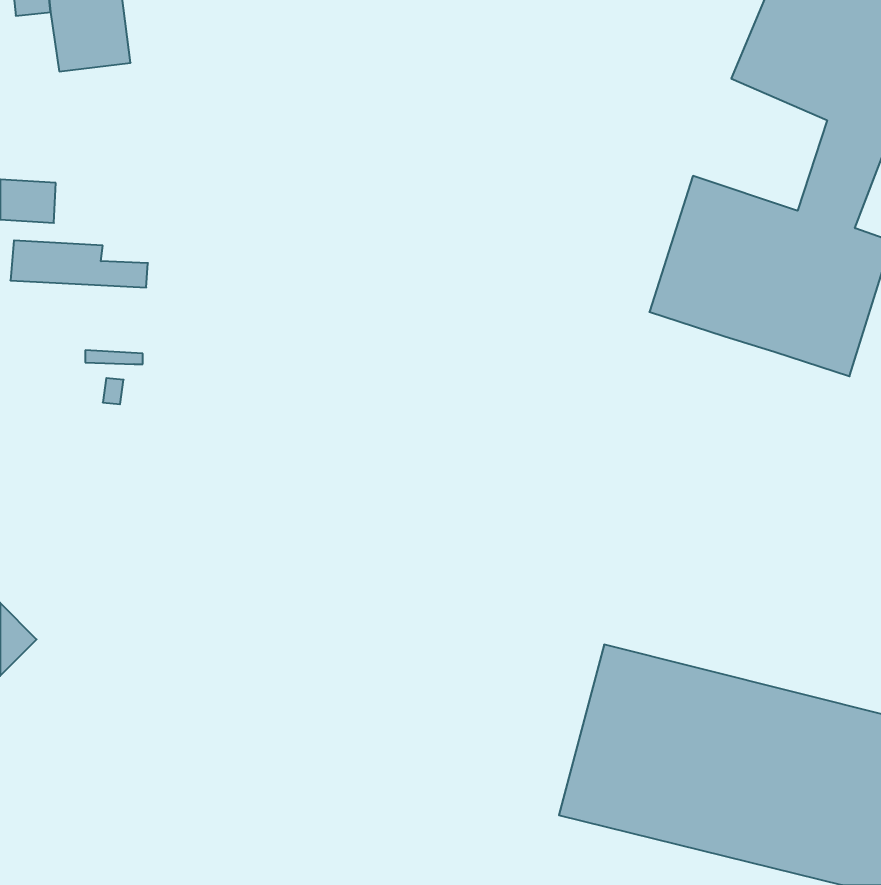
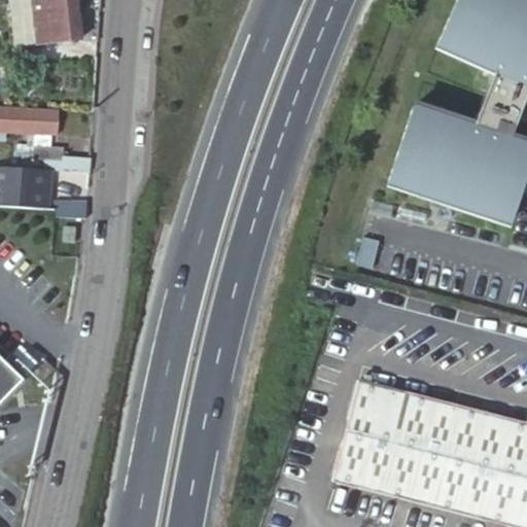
building: none -> [9,168,51,200]

